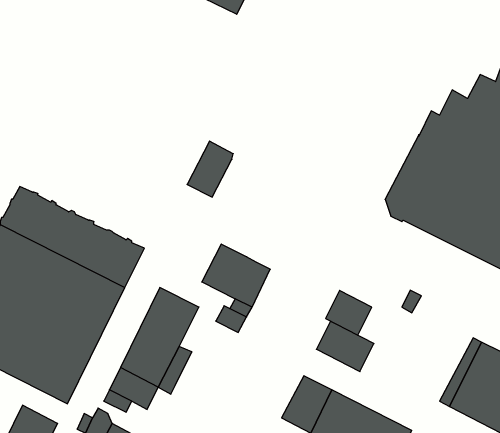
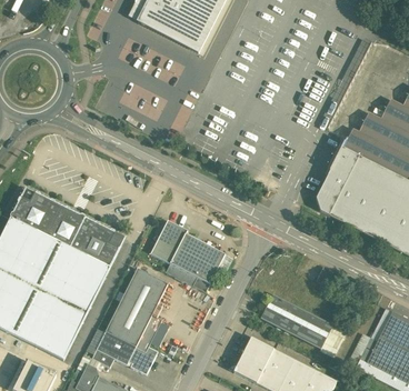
building: [187,141,233,197] -> [150,219,187,263]
building: [326,290,372,335] -> [296,312,332,348]
building: none -> [127,345,158,374]

